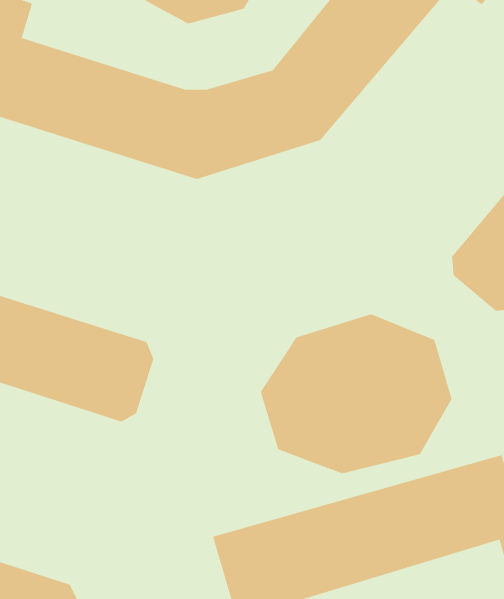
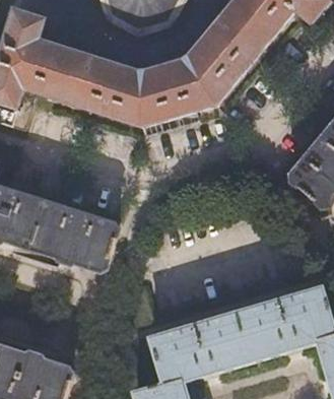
building: [260,314,452,474] -> none

